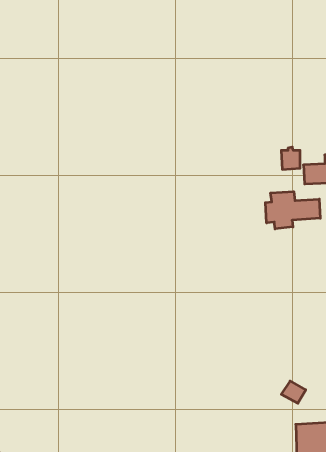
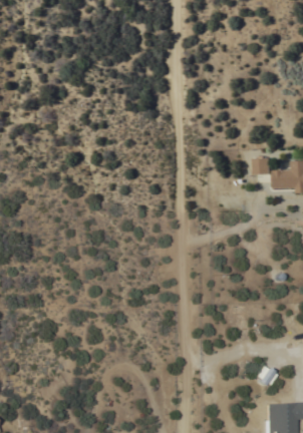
building: [265,192,320,229] -> none

